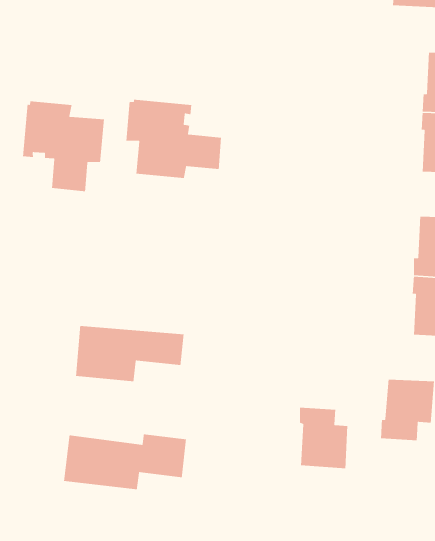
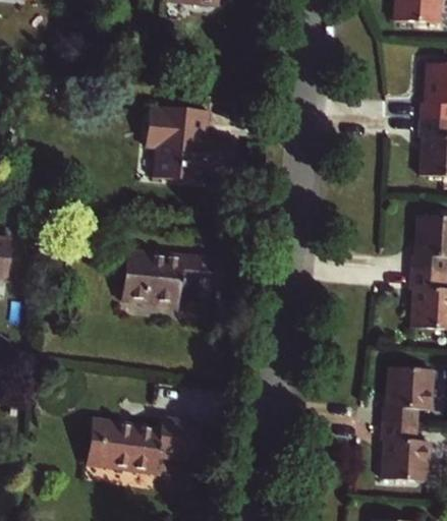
building: [22,100,105,192] -> none
building: [75,325,185,382] -> [122,251,224,304]
building: [299,407,348,469] -> [382,423,428,481]

